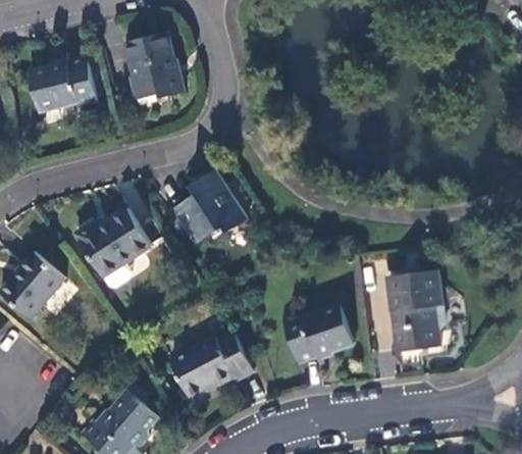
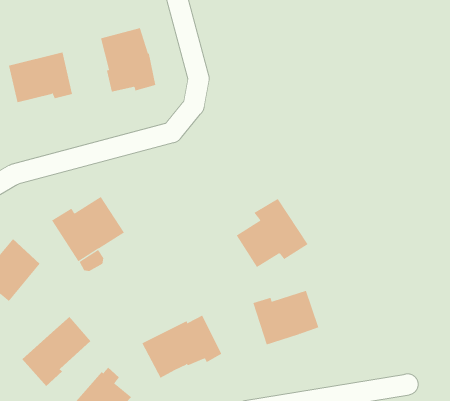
building: [171,170,247,243] -> [236,198,308,268]
building: [387,271,441,352] -> none
building: none -> [21,316,91,387]

